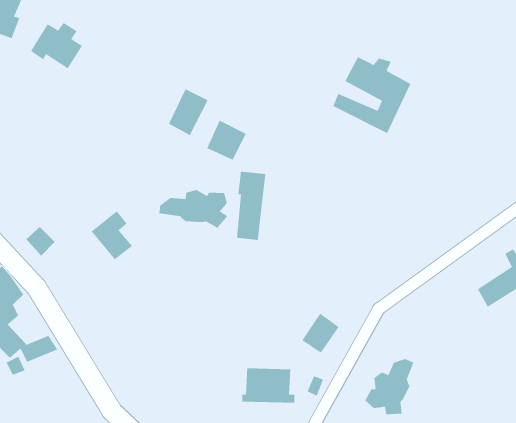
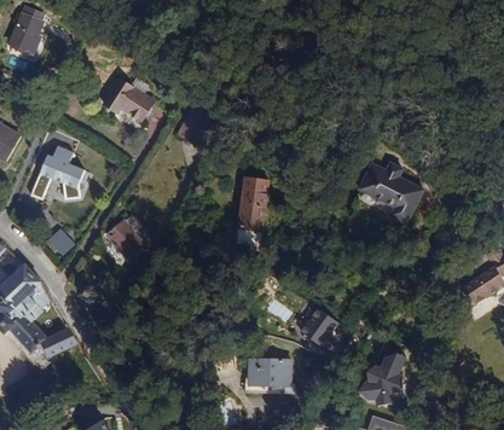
building: [30,22,83,69] -> [105,77,153,121]
building: [333,56,411,134] -> [349,164,422,236]
building: [206,120,246,161] -> none
building: none -> [30,145,85,198]
building: [159,189,228,229] -> none

